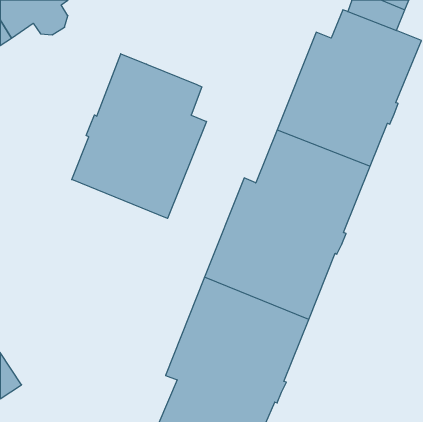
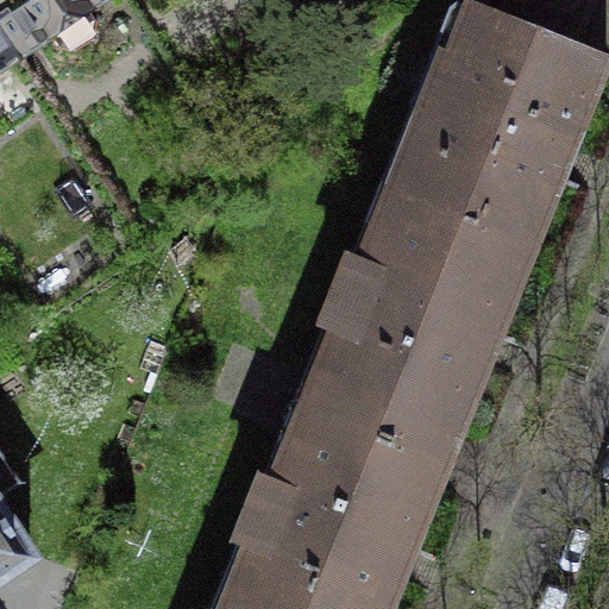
building: [72,54,206,218] -> none

